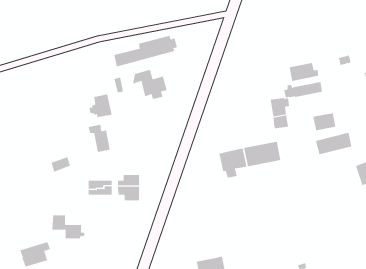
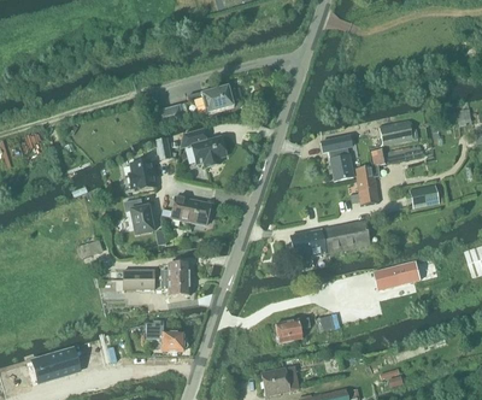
building: none -> [322,136,354,181]
building: none -> [161,196,211,225]
building: [315,132,352,155] -> [374,261,421,290]
building: [51,215,86,239] -> [146,320,189,351]
building: none -> [276,318,311,343]

